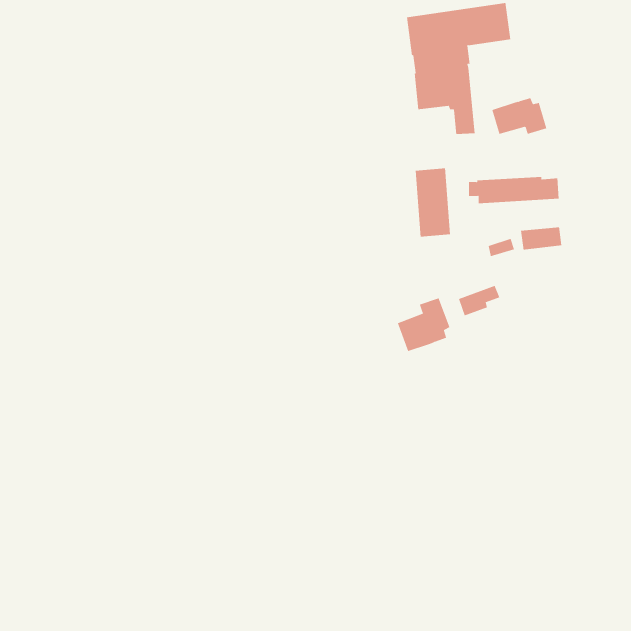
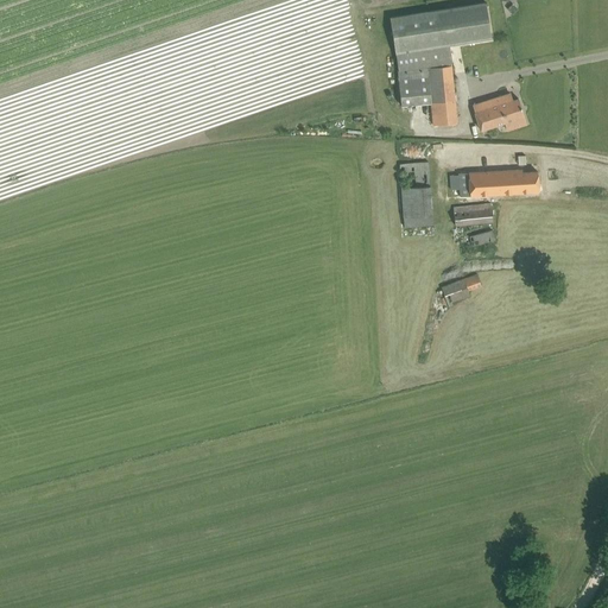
building: [520,227,562,250] -> [452,203,493,226]
building: [397,297,450,352] -> none

